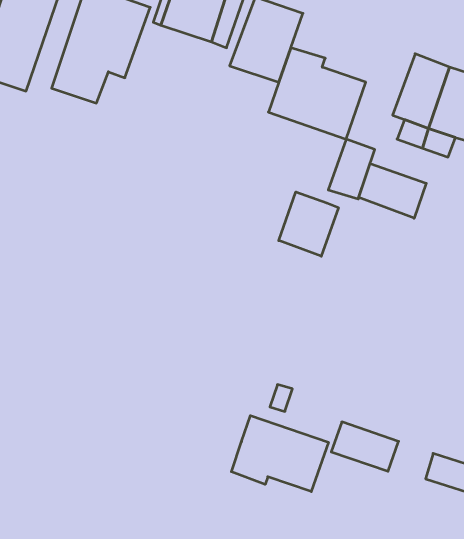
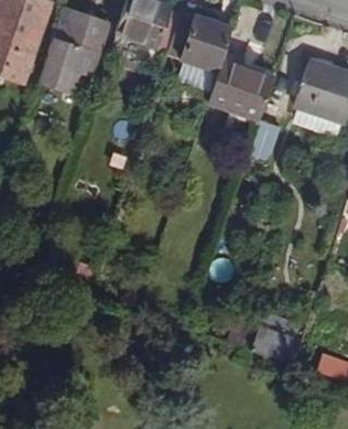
building: [359,163,426,218] -> none
building: [279,192,338,256] -> none
building: [231,416,328,492] -> none

